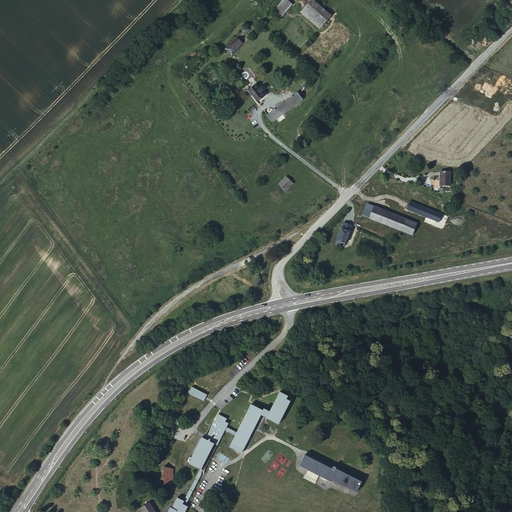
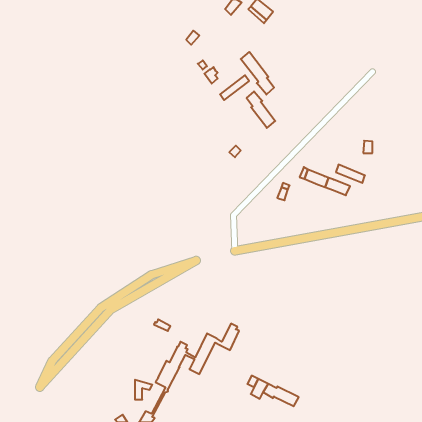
building: none -> [241,52,274,95]
building: none -> [247,91,275,128]

